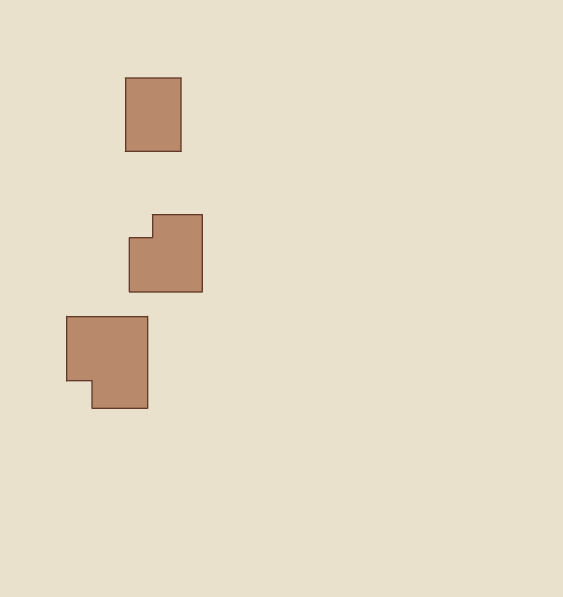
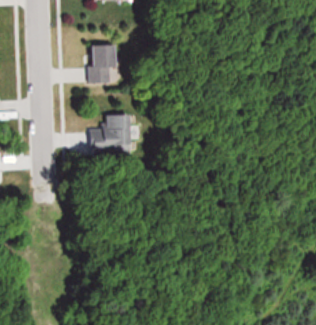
building: [67,316,147,408] -> none

